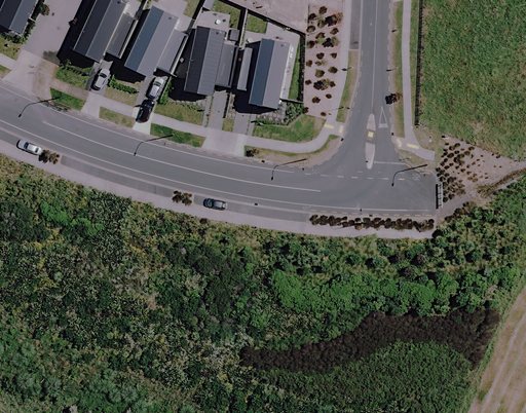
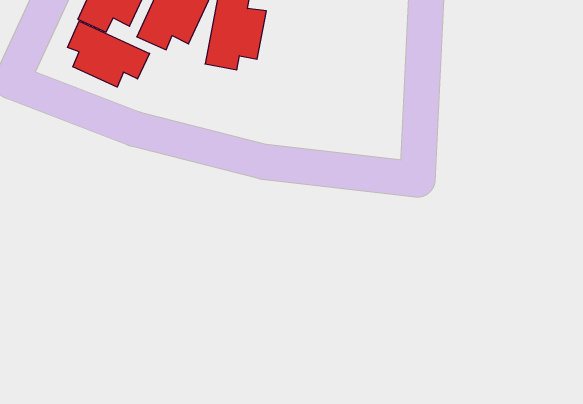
building: [238,38,288,108] -> none
building: none -> [68,21,150,87]

